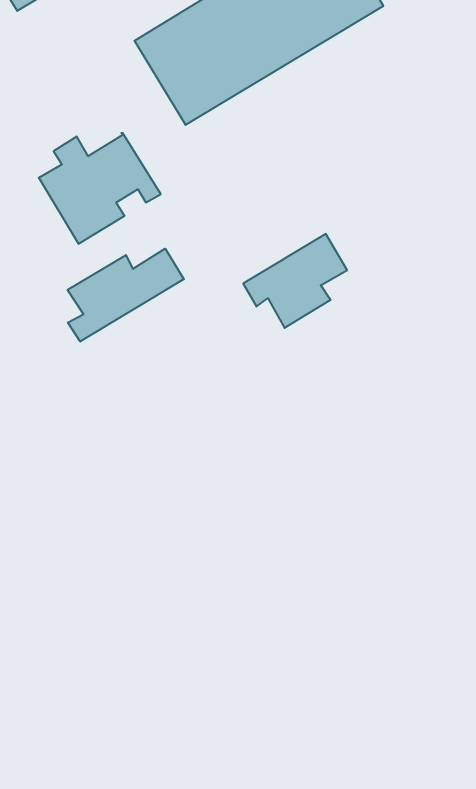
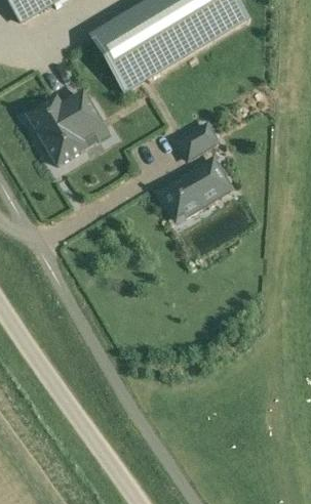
building: none -> [180,124,218,160]
building: [68,249,184,342] -> none

